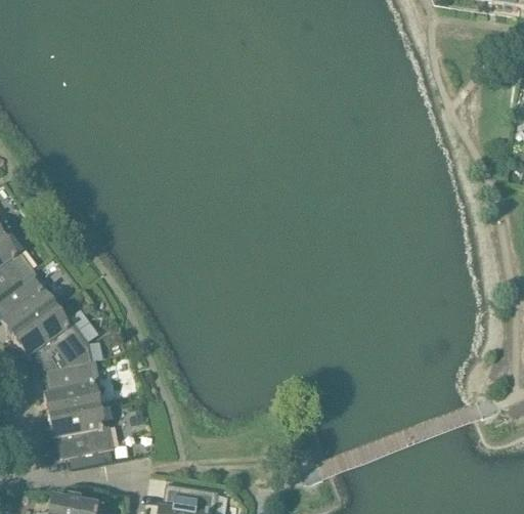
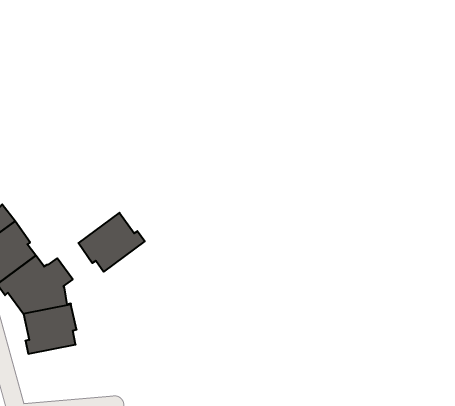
building: none -> [78,213,145,272]
building: [50,412,115,465] -> none

